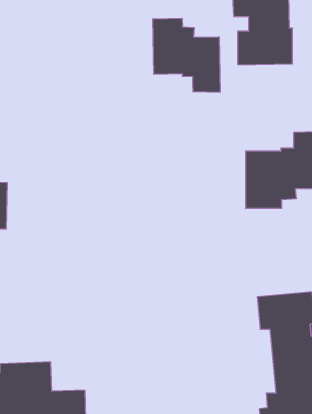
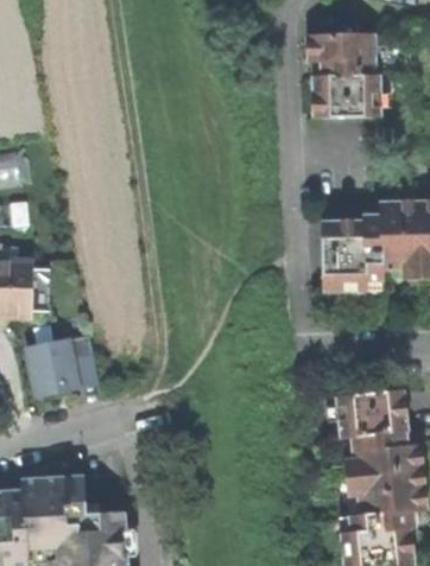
building: [153,18,220,92] -> none
building: none -> [37,335,110,395]

